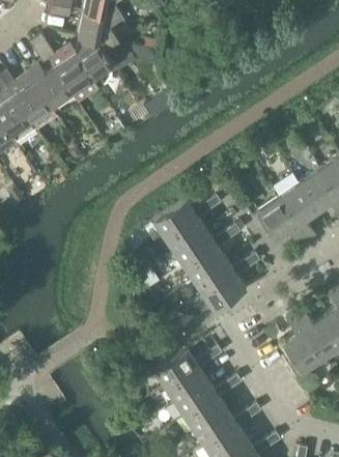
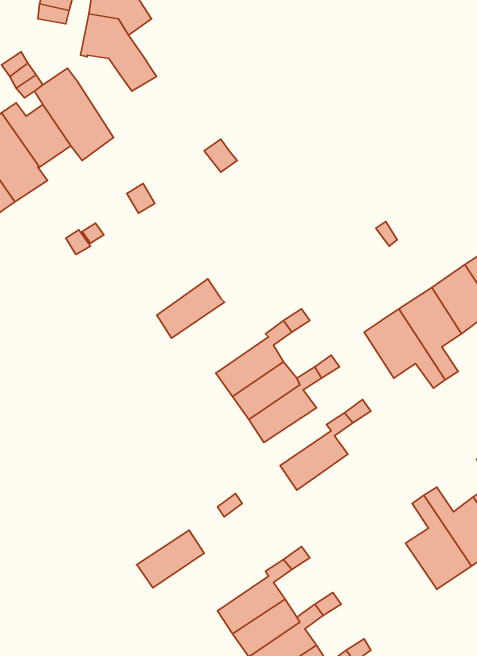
building: [76,36,114,79] -> none
building: [153,199,196,236] -> [157,279,224,338]
building: [193,258,235,294] -> none
building: [153,349,196,385] -> [136,530,204,588]

